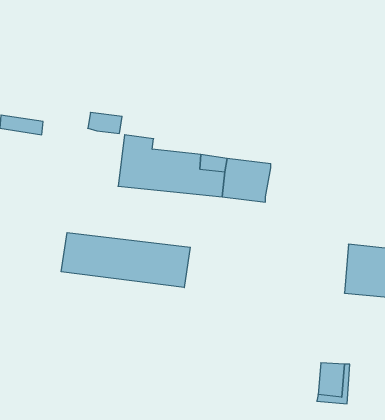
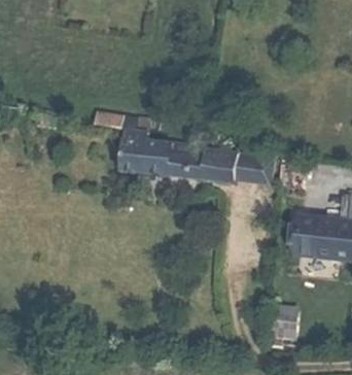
building: none -> [234,155,274,182]
building: [61,233,190,288] -> none

